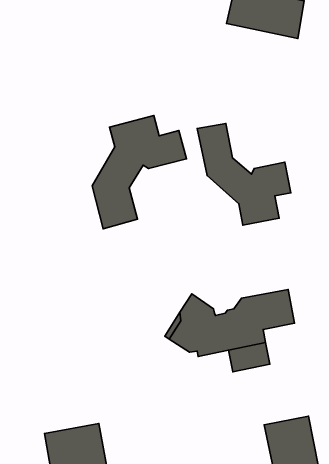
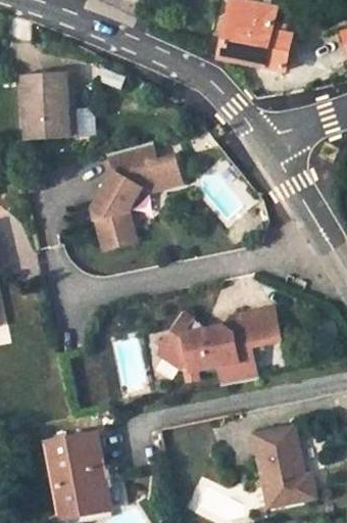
building: none -> [21,74,94,138]
building: [197,123,291,225] -> none

